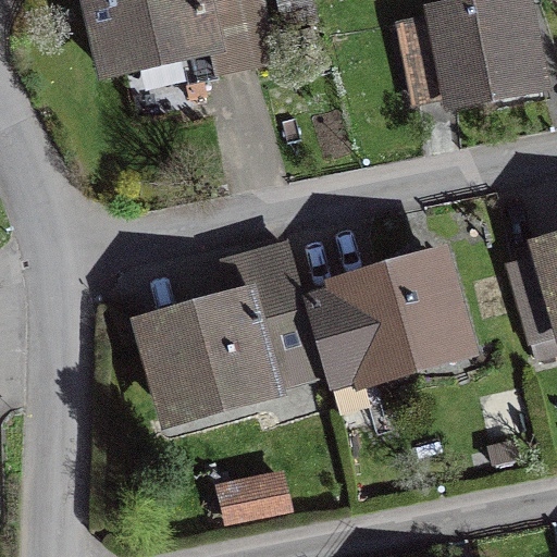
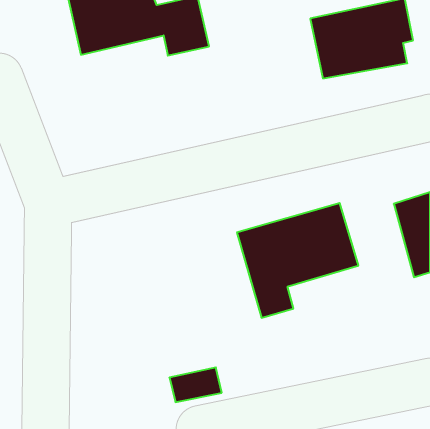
building: [145,245,318,411] -> none

